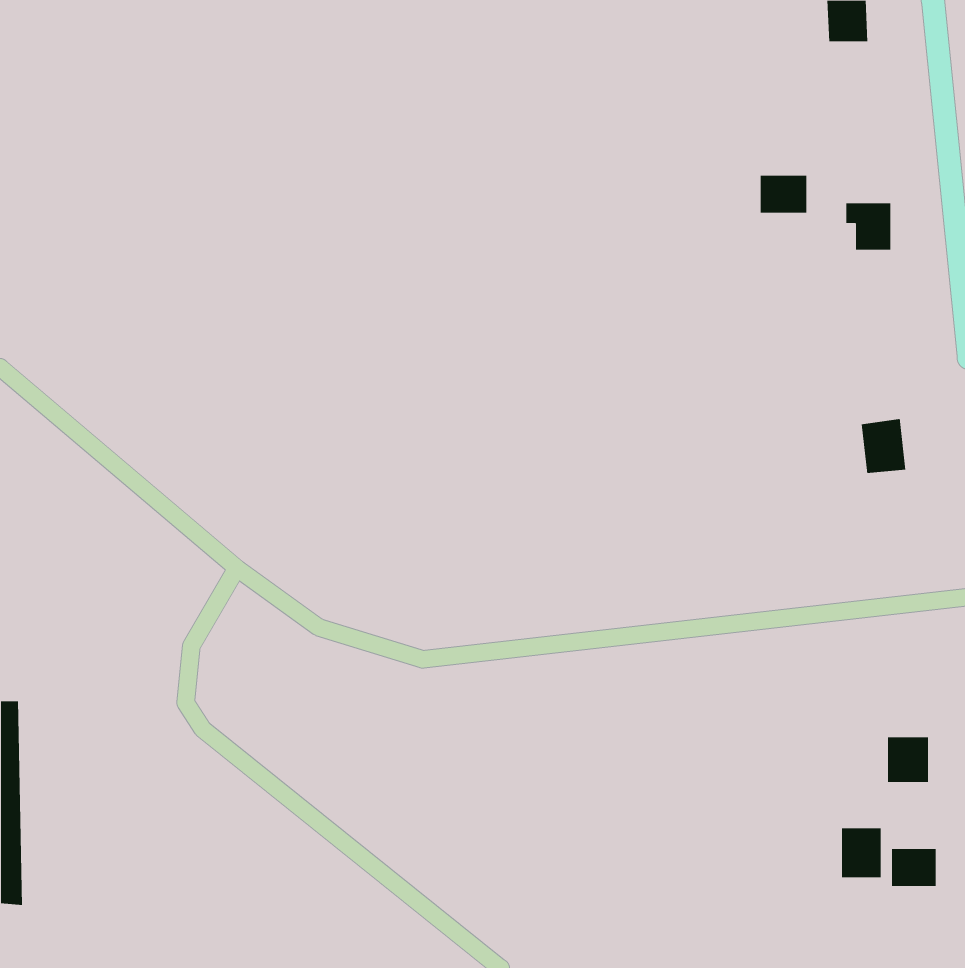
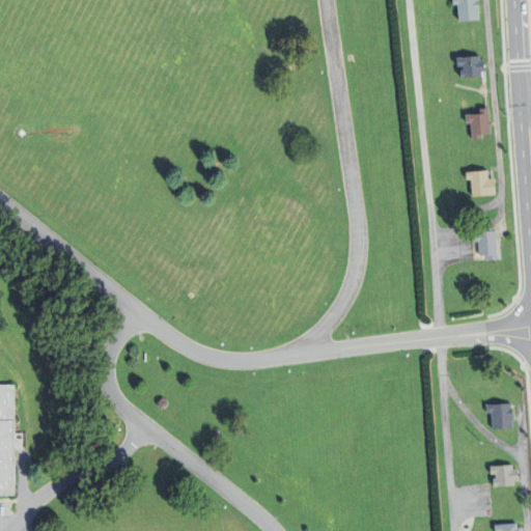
building: [760,175,807,213] -> [456,58,482,79]
building: none -> [469,171,494,195]
building: [841,827,881,878] -> none

